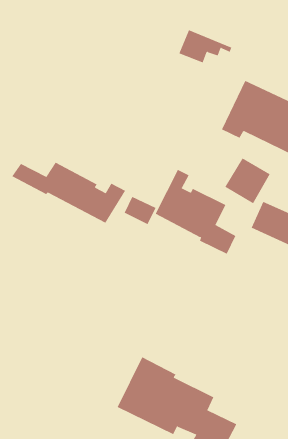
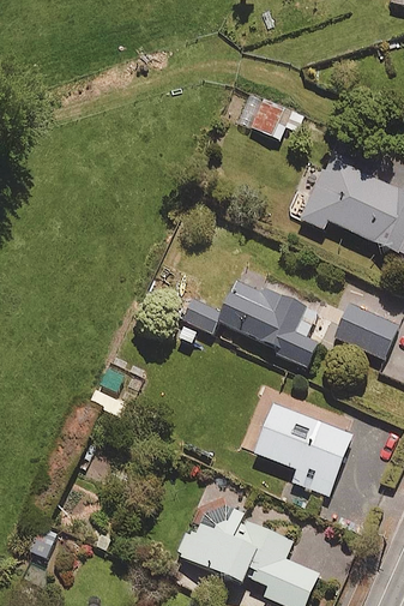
building: [225,158,271,204] -> none
building: [12,162,126,223] -> none
building: none -> [254,404,352,494]

